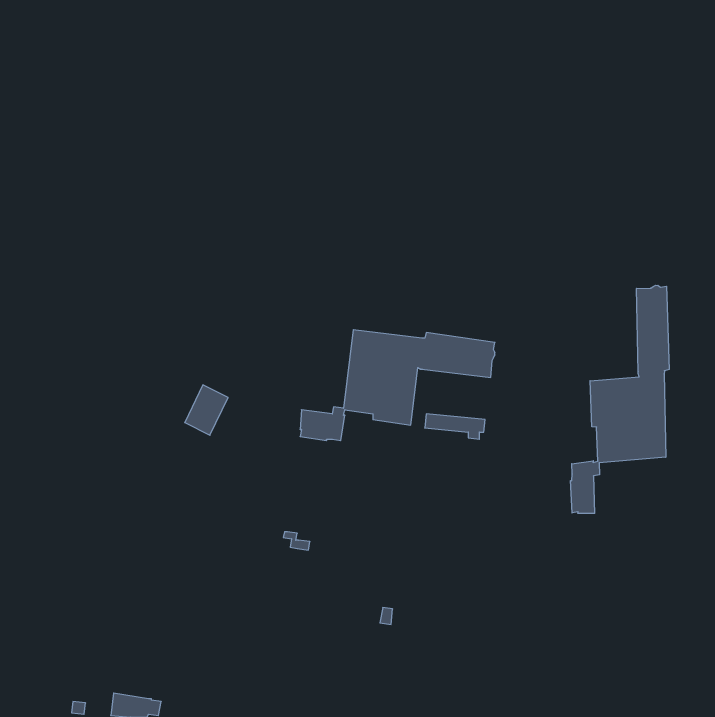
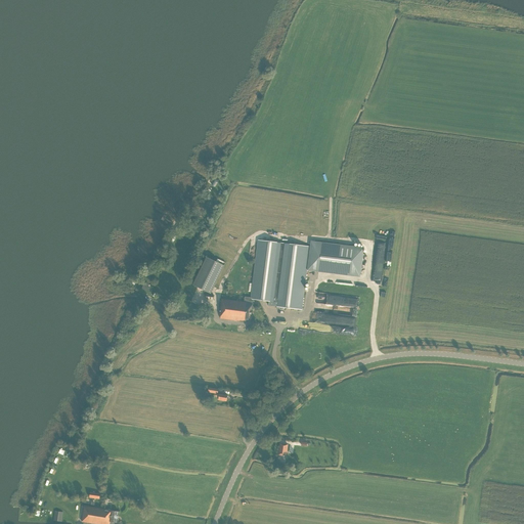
building: [571,285,669,513] -> none
building: [185,385,228,435] -> [191,257,223,294]

